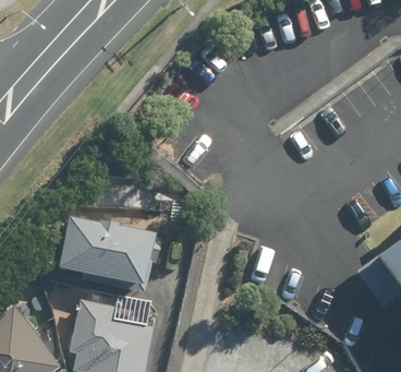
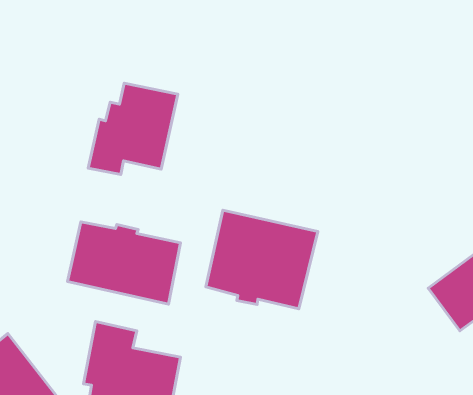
building: none -> [88,83,178,174]
building: none -> [206,210,318,309]

